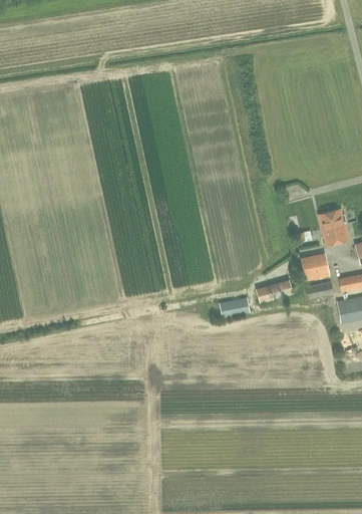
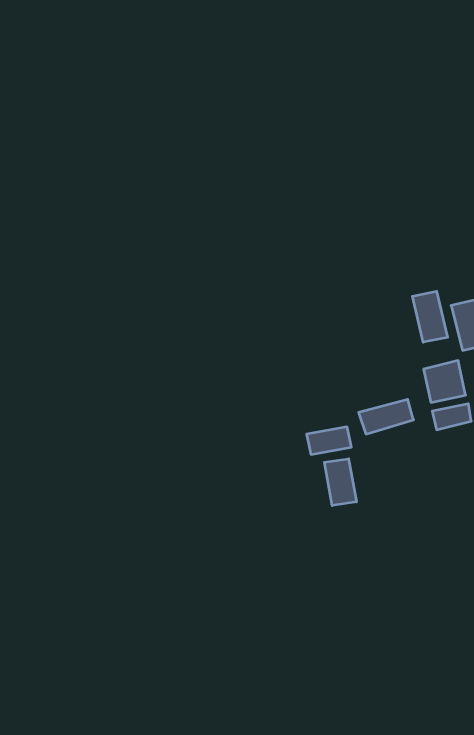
building: none -> [412,291,448,342]
building: none -> [324,459,356,506]

